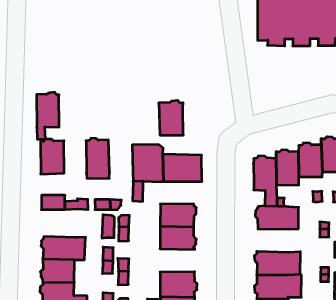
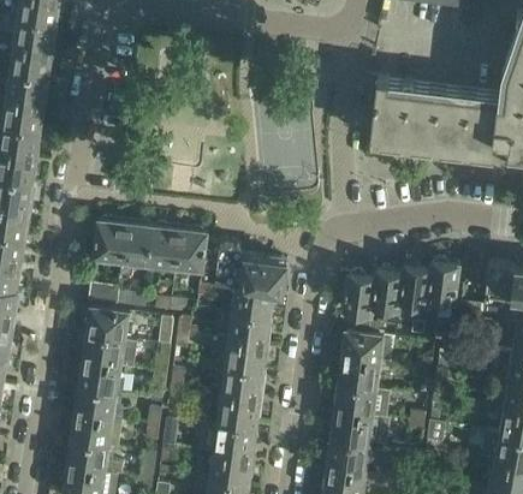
building: [37,92,59,139] -> [120,222,153,276]
building: [159,100,183,135] -> [176,228,208,270]
building: none -> [231,286,274,317]
building: none -> [85,306,129,339]
building: none -> [337,357,379,389]
building: none -> [220,365,267,398]

